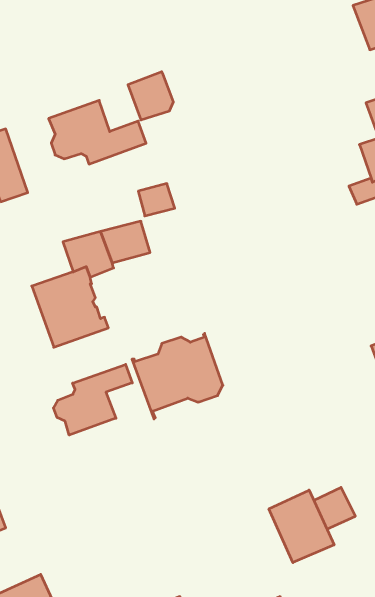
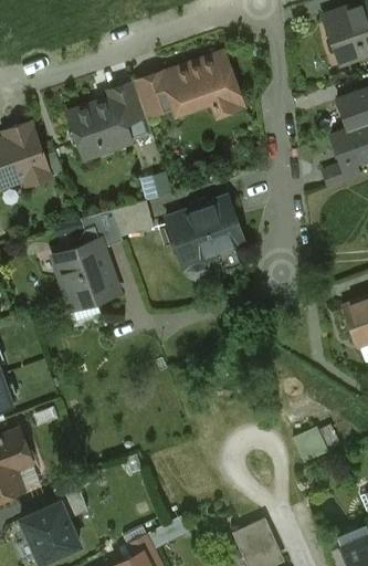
building: none -> [164,54,239,113]
building: none -> [107,85,151,135]
building: [132,333,223,419] -> [165,197,242,270]
building: [53,364,132,435] -> none
building: [269,490,334,563] -> none

